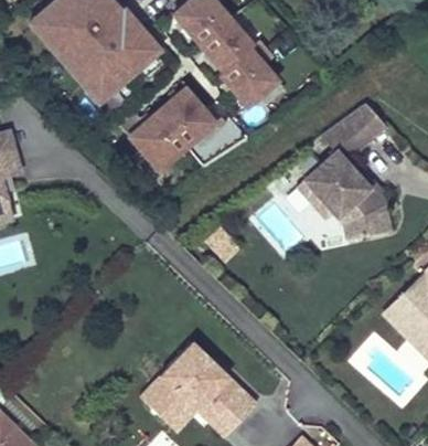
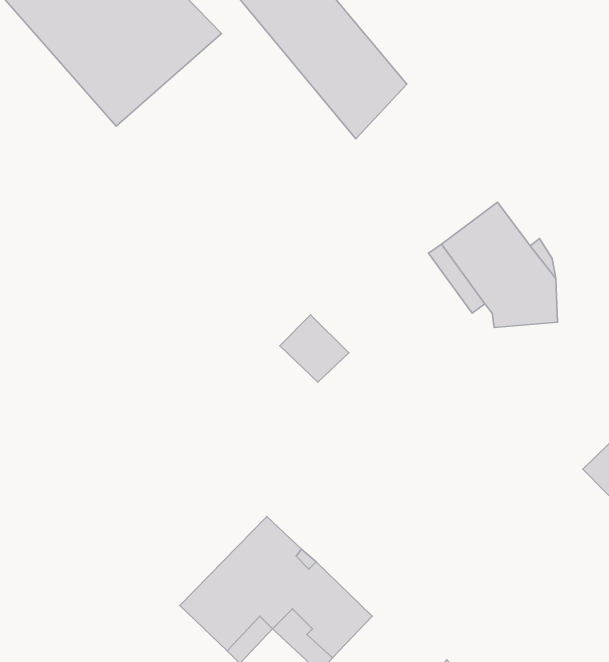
building: [129,86,222,174] -> none
building: [320,100,386,151] -> none

